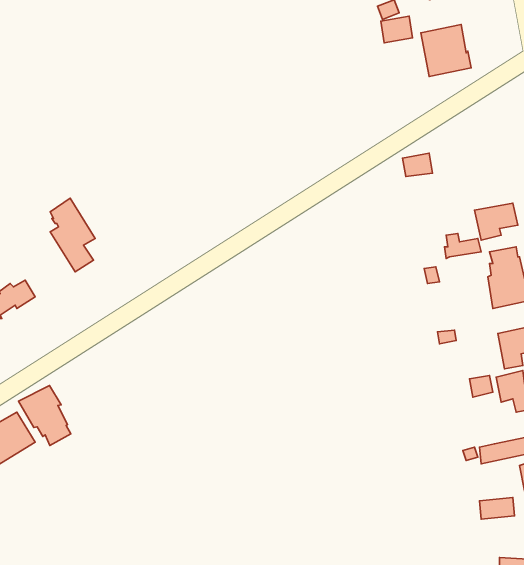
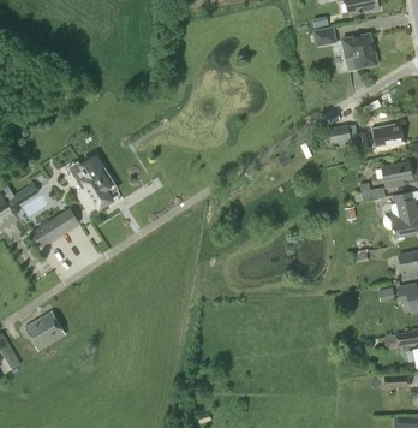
building: none -> [372,121,406,149]
building: [18,385,71,445] -> none

